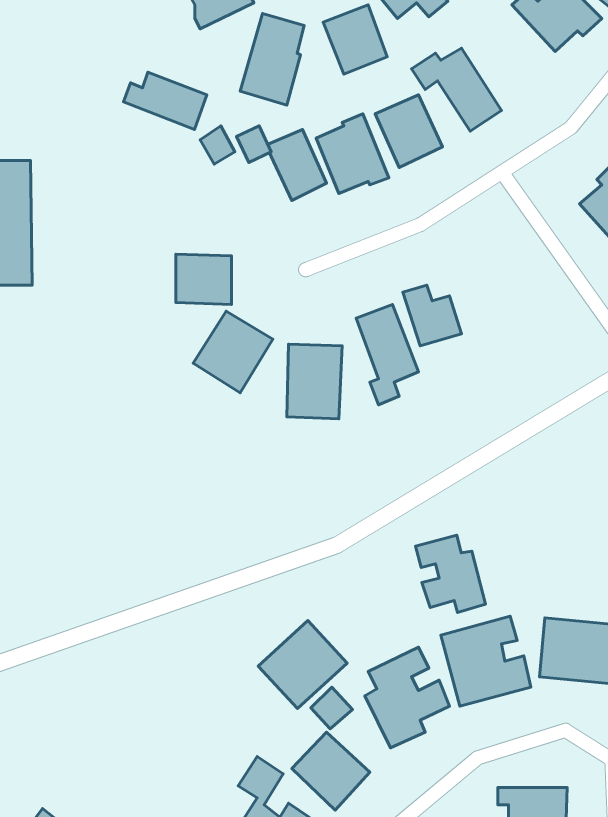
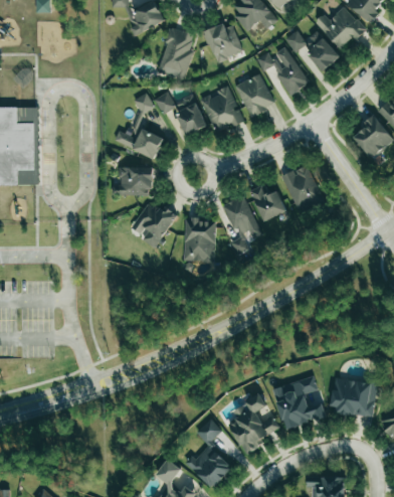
building: none -> [284,30,339,71]
building: [124,72,207,129] -> [115,125,163,158]
building: none -> [281,165,325,214]
building: [416,535,485,613] -> none
building: [258,620,347,709] -> none

